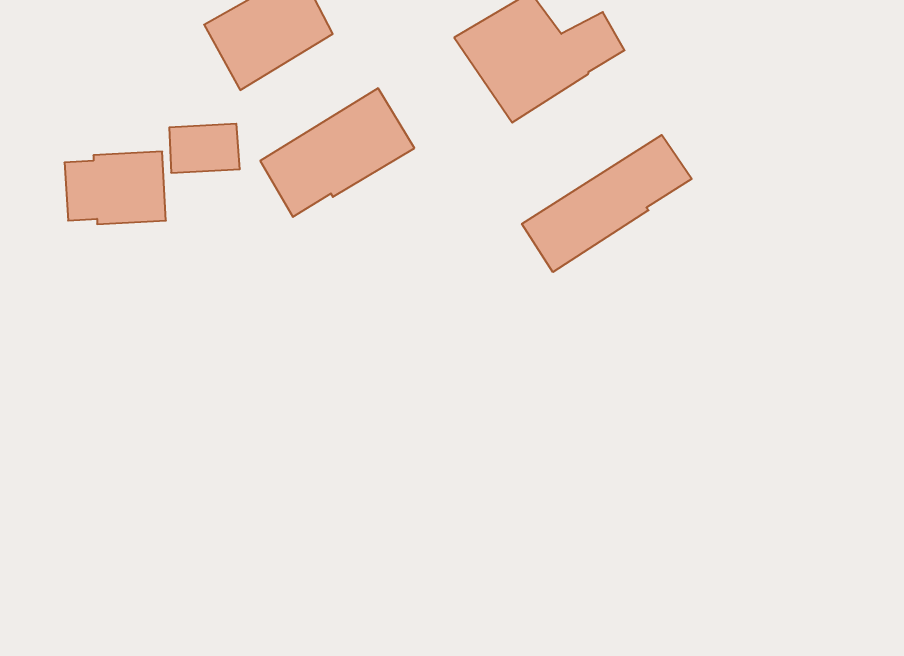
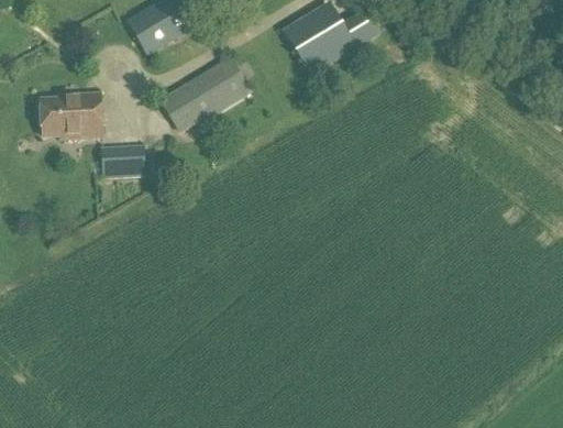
building: [169,124,240,173] -> [102,146,145,176]
building: [522,135,692,272] -> none

